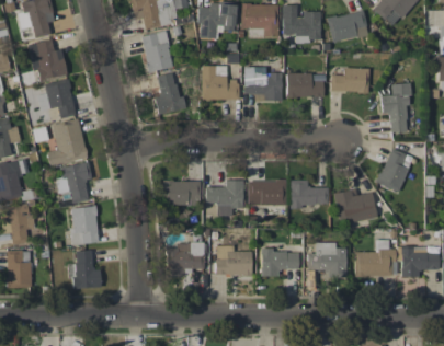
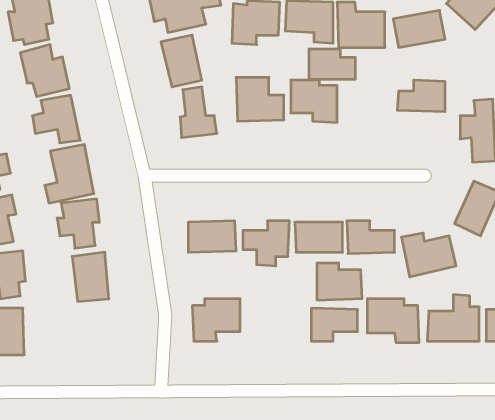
building: [286,73,323,97] -> [309,49,355,79]
building: [216,245,252,275] -> [317,263,362,300]
building: [68,250,101,288] -> none

